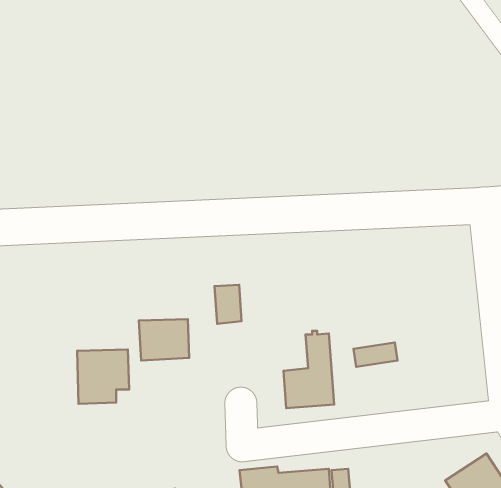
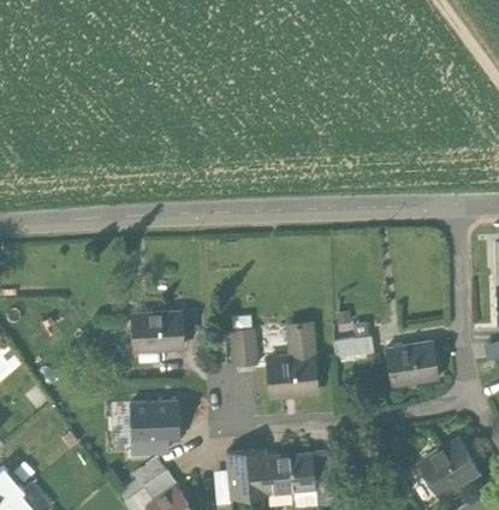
building: [214,285,242,324] -> [231,331,256,367]
building: [77,349,129,404] -> [130,403,178,453]
building: none -> [386,344,436,387]

